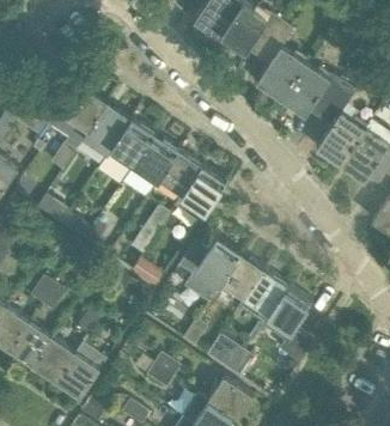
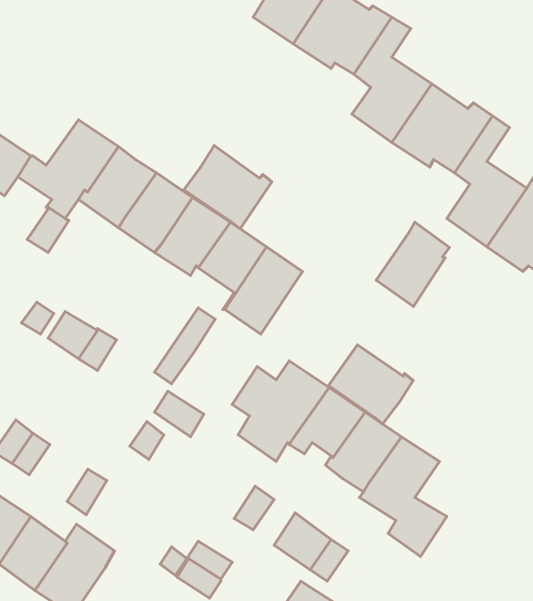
building: none -> [184,145,272,229]
building: none -> [376,222,450,307]
building: none -> [328,345,413,424]

